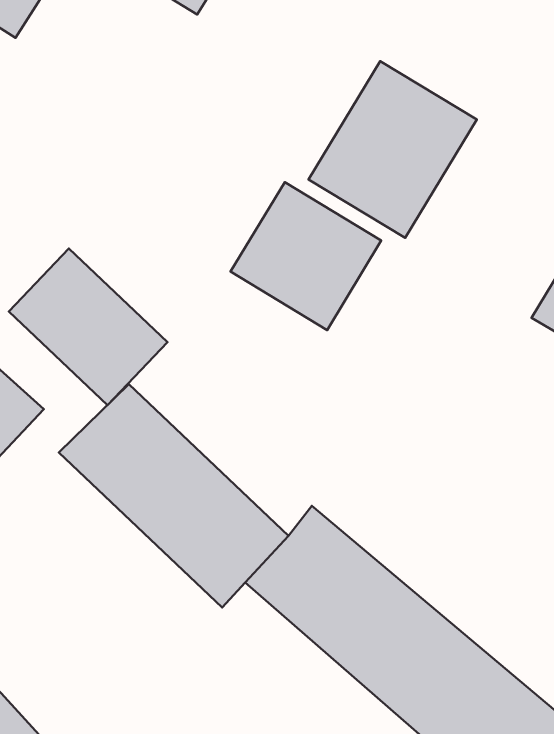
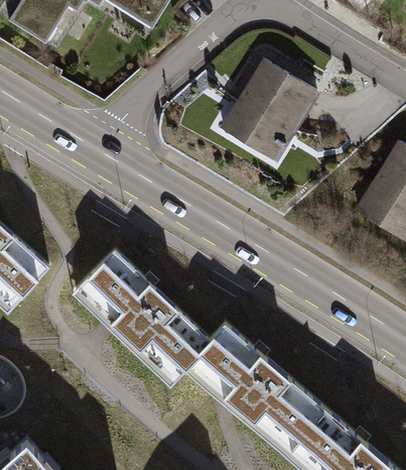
building: [231,182,381,330] -> none
building: [9,249,167,405] -> none

